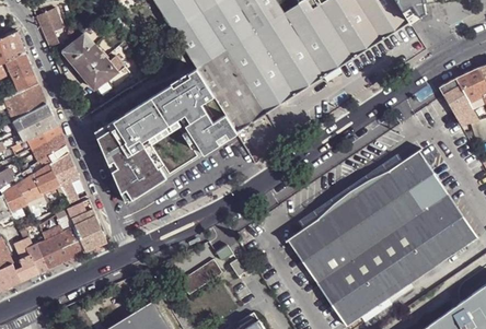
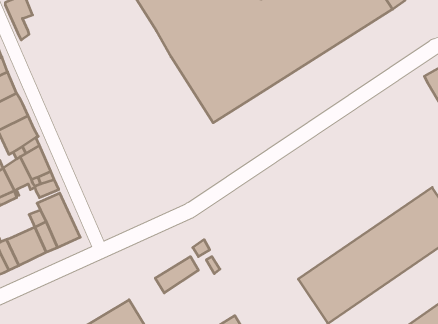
building: [62,33,131,97] -> none
building: [95,68,236,203] -> none
building: [290,151,448,282] -> none

